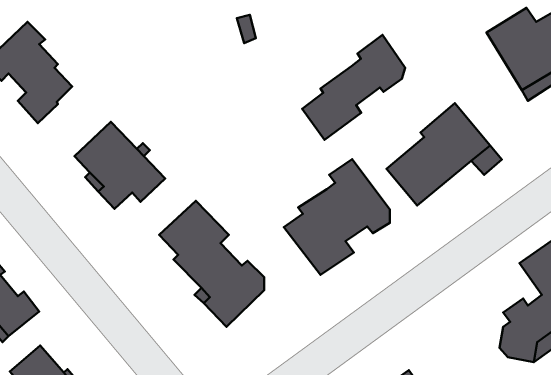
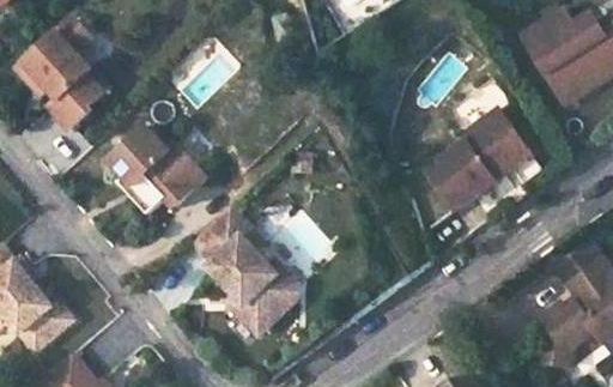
building: [302,35,405,140] -> none
building: [284,159,390,275] -> none

